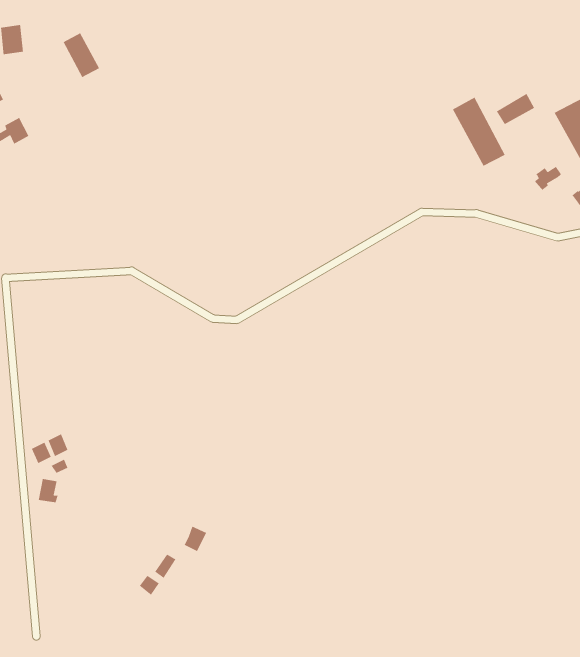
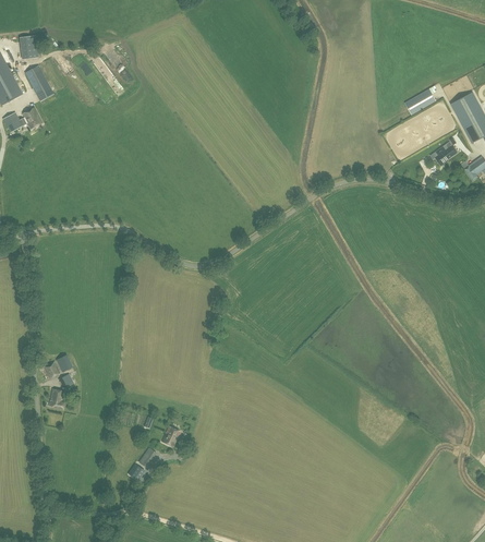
building: [62,32,100,78] -> [24,64,53,100]
building: [452,96,506,167] -> none

